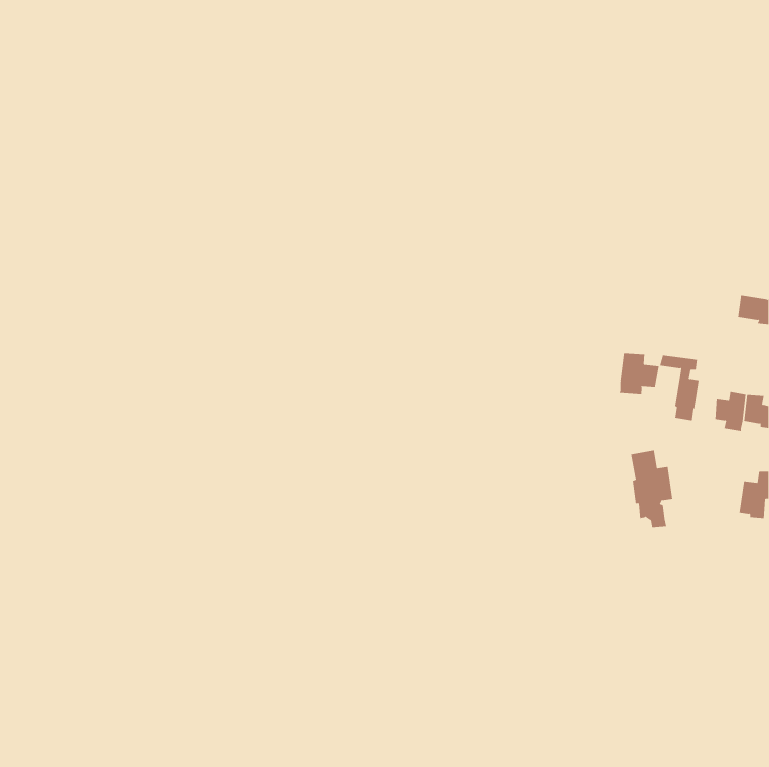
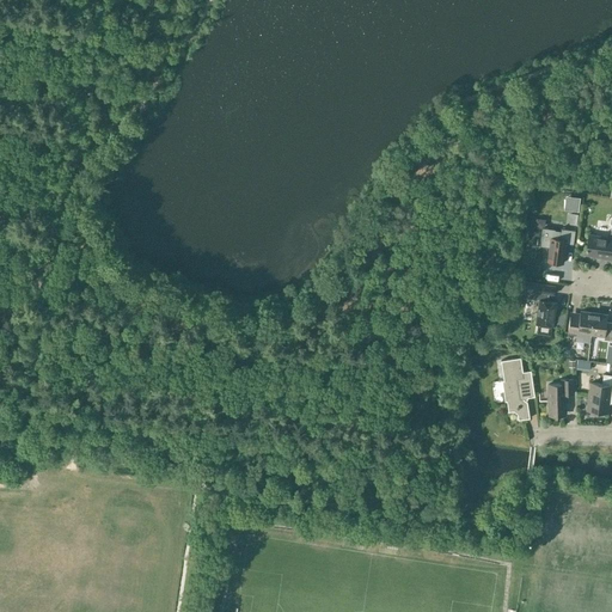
building: none -> [539,226,575,262]
building: [619,353,659,395] -> none
building: none -> [547,379,575,415]

